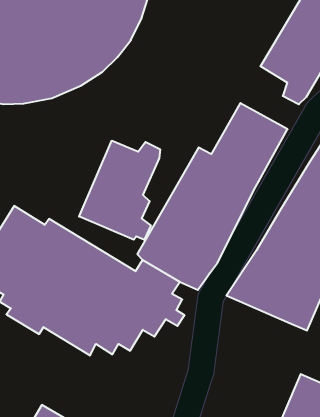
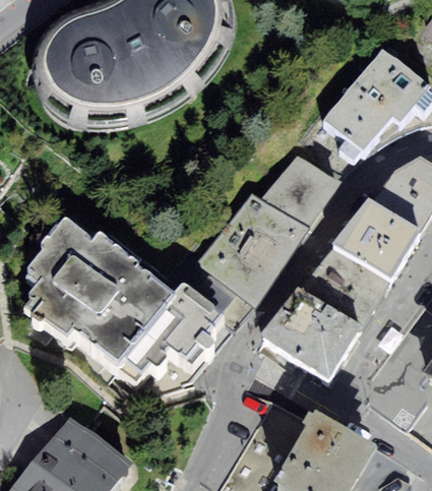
building: [79,141,160,240] -> none

